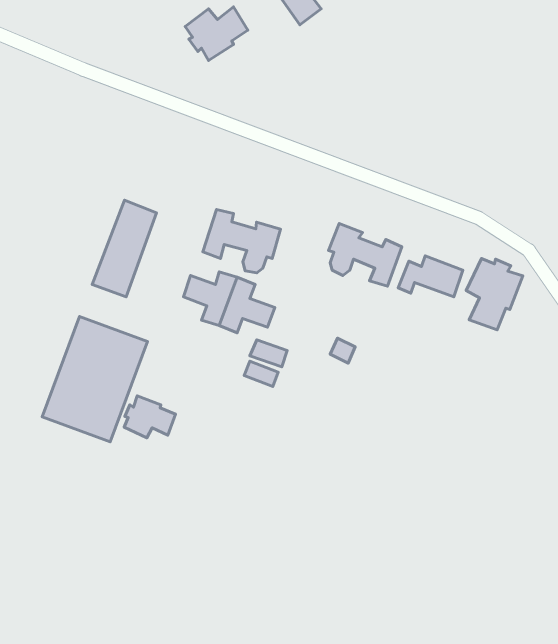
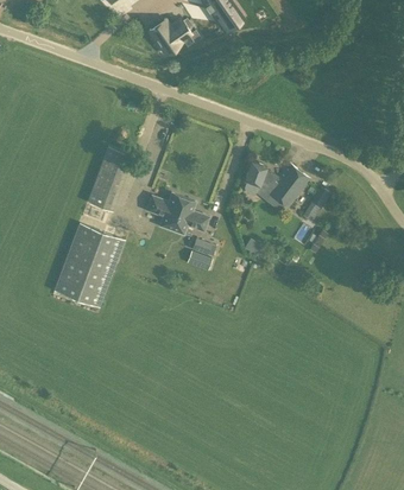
building: [203,209,281,273] -> none
building: [466,258,523,330] -> none
building: [124,396,175,438] -> none

